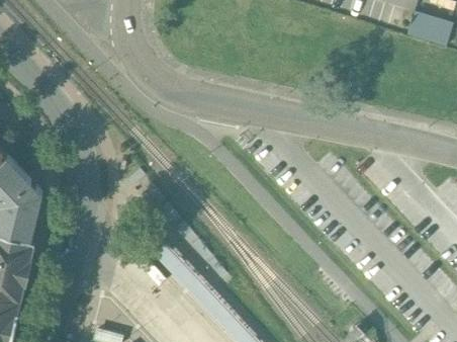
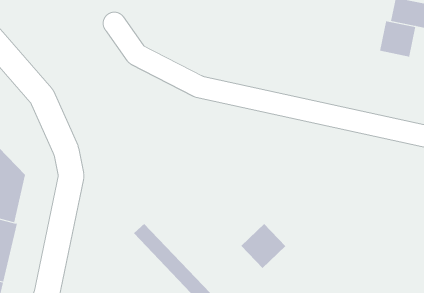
building: none -> [380,20,416,57]
building: none -> [241,223,286,269]

